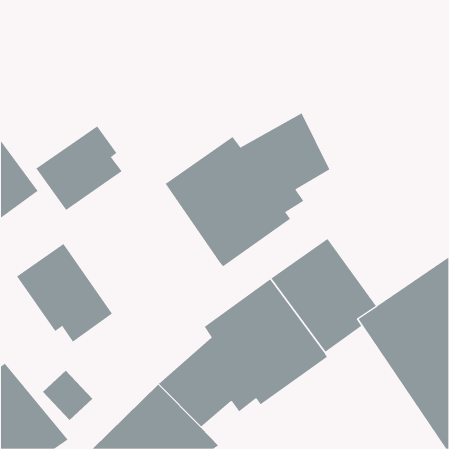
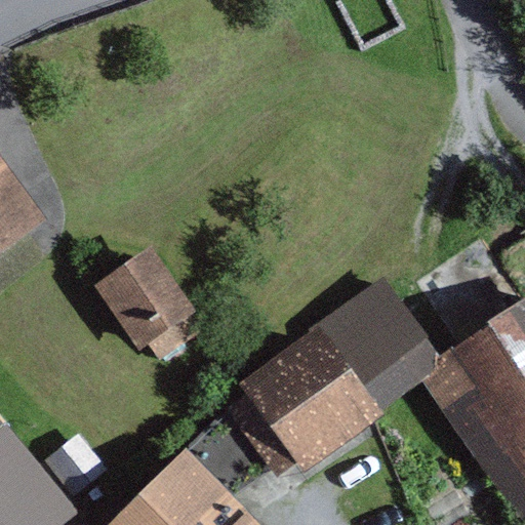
building: [165,113,330,267] -> none
building: [35,125,122,211] -> none
building: [16,243,113,343] -> [94,247,207,363]

